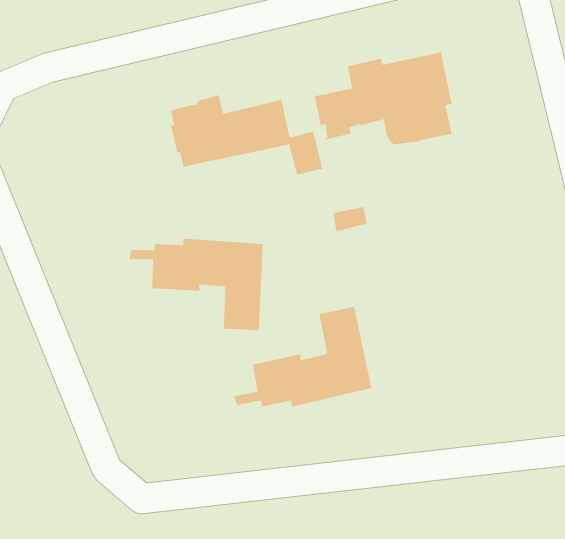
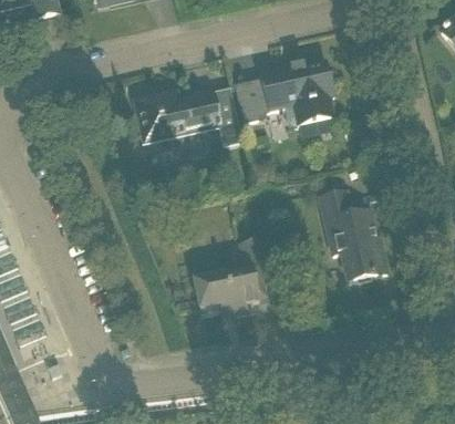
building: [129,238,263,331] -> none
building: none -> [322,190,389,280]

